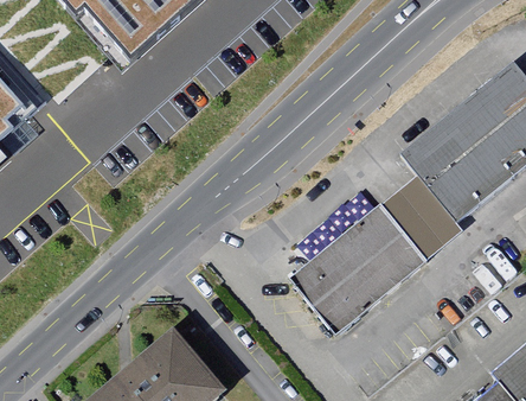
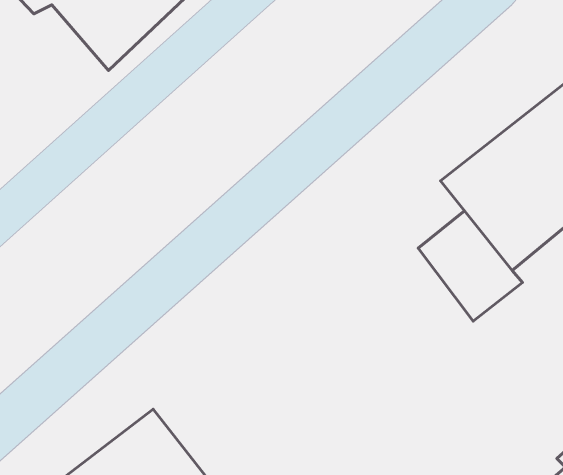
building: [289,204,425,336] -> none

